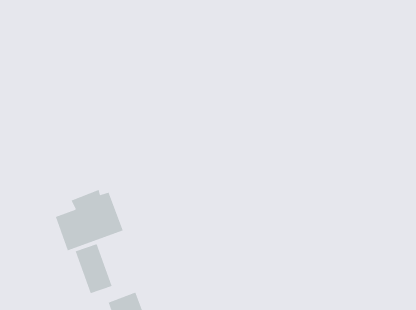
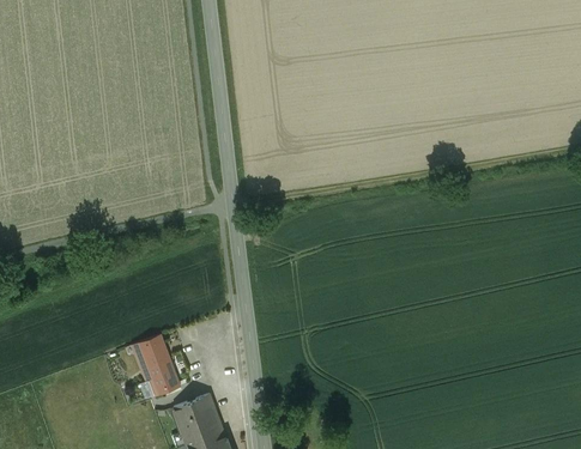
building: [55,189,124,251] -> none

